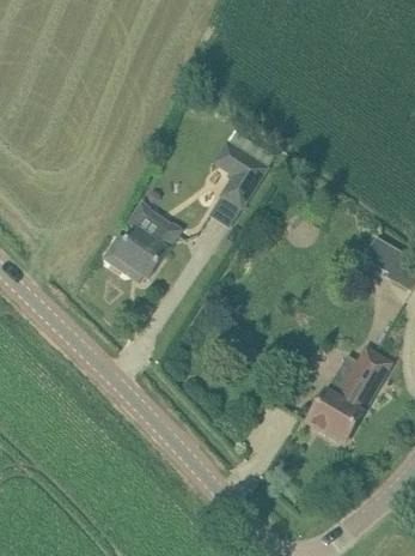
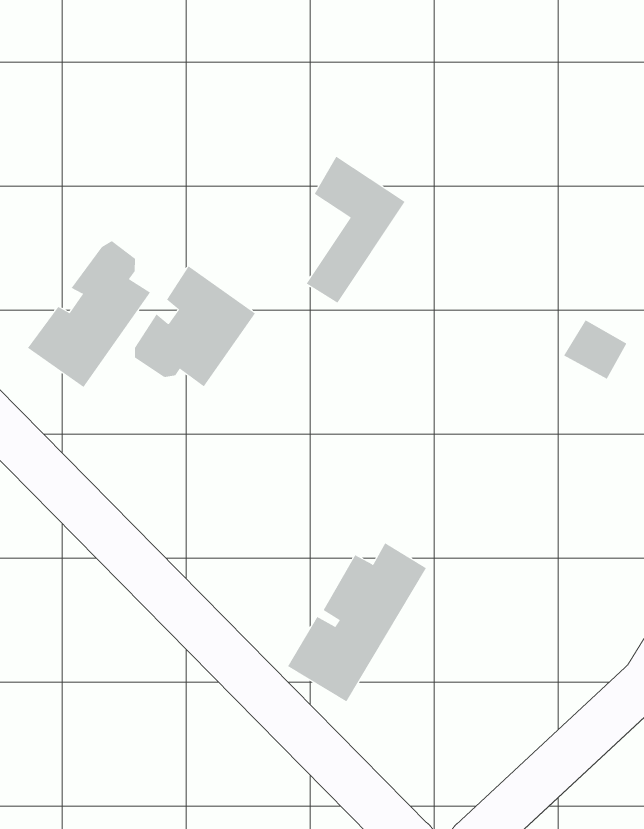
building: none -> [27,240,151,388]
building: [307,346,391,442] -> [287,542,427,702]

